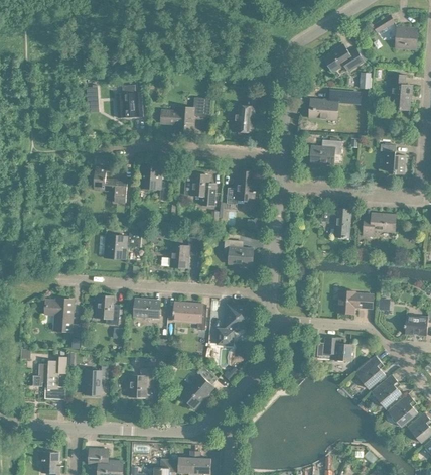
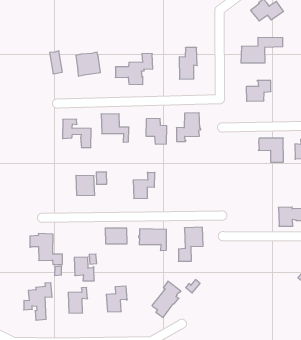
building: [223,240,251,265] -> none
building: [96,295,119,325] -> [74,257,94,281]
building: [314,337,351,362] -> none

